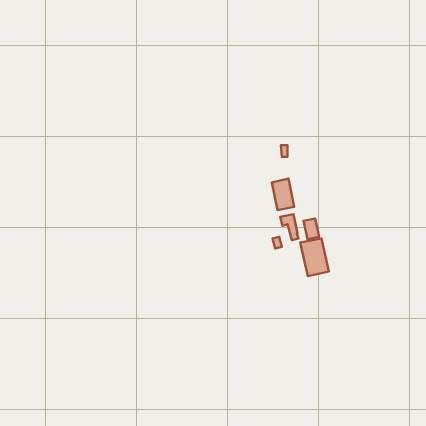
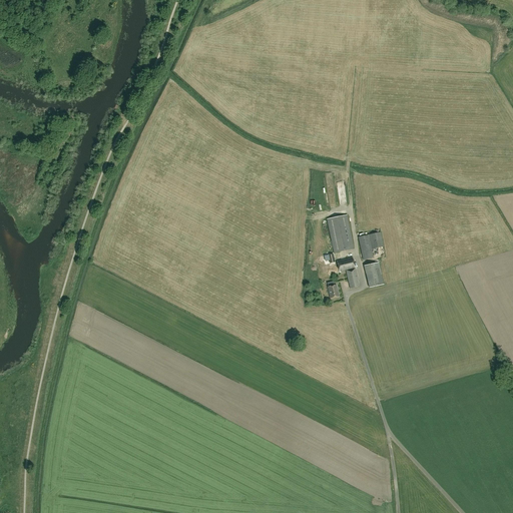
building: none -> [359,232,384,260]
building: [300,238,329,276] -> none

